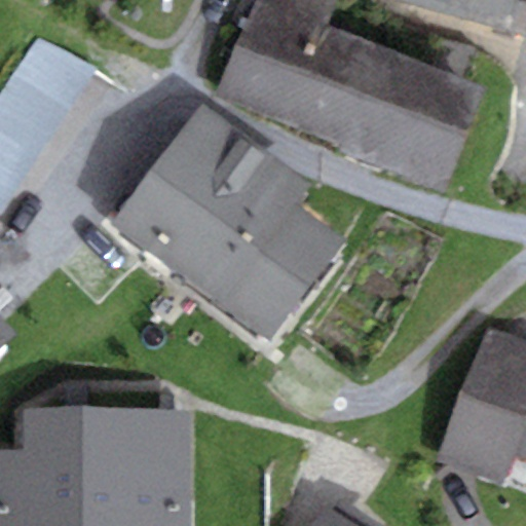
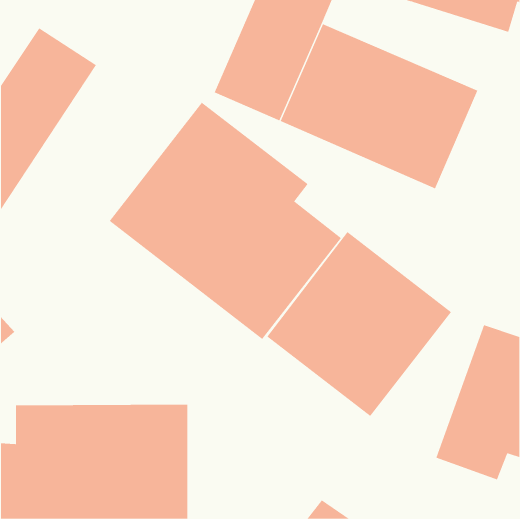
building: none -> [266,231,452,417]

